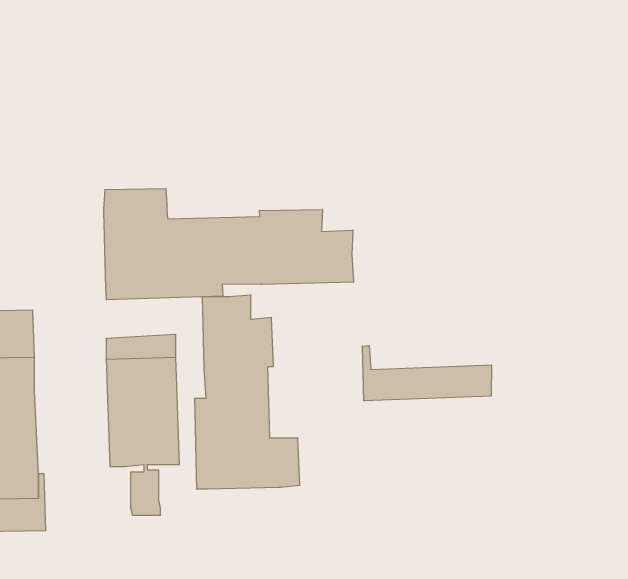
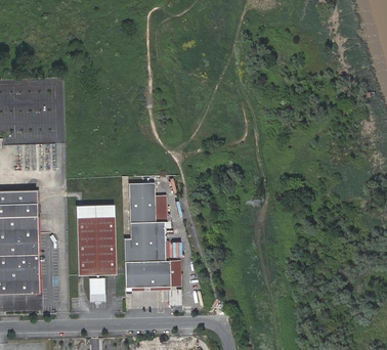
building: [104,189,354,300] -> none
building: [362,346,491,401] -> none

